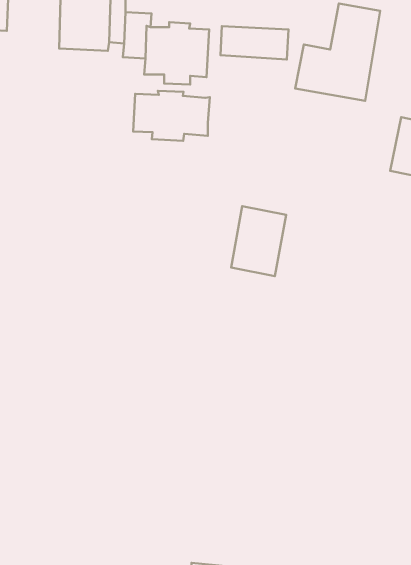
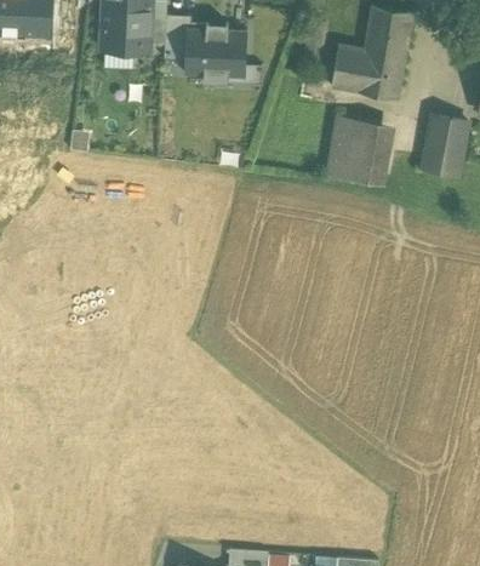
building: [221,26,289,60] -> none
building: [133,91,210,141] -> none
building: [231,206,286,276] -> [326,115,379,183]

